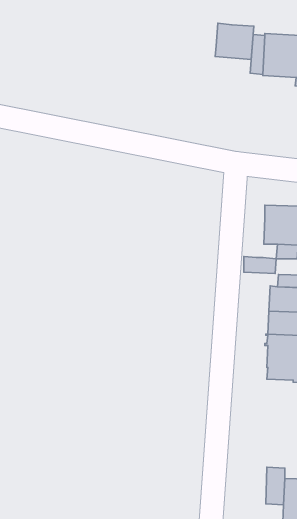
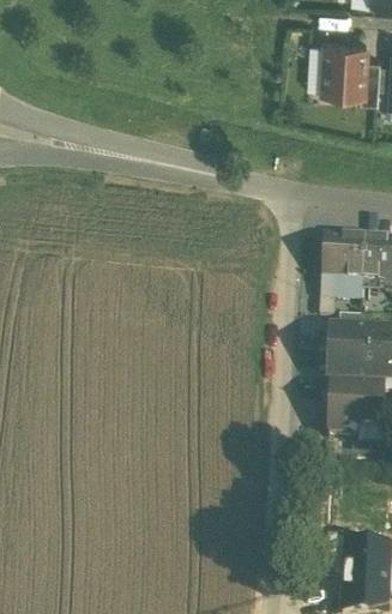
building: [215,23,254,59] -> none

